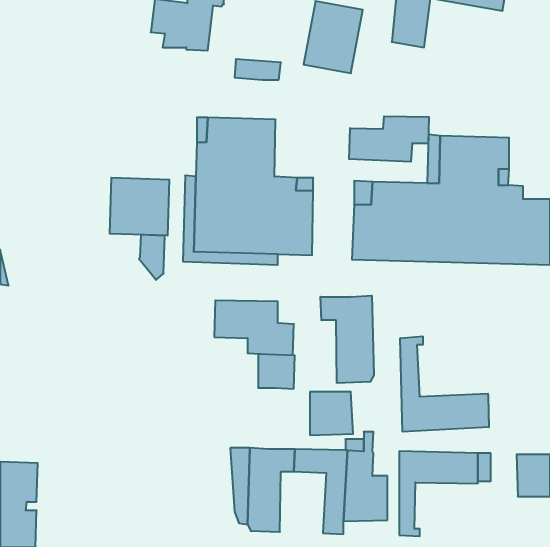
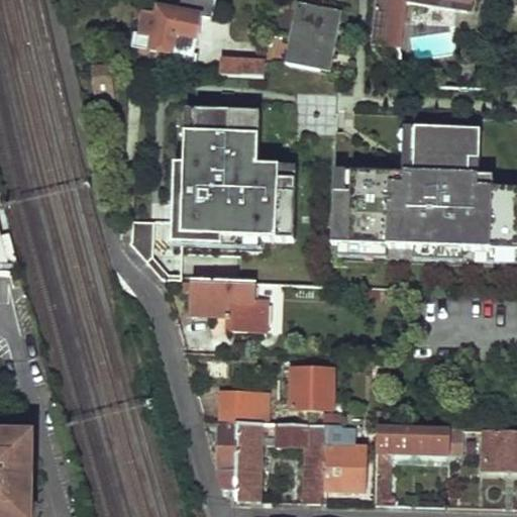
building: [349,116,429,162] -> none
building: [110,178,169,236] -> none
building: [320,296,374,383] -> none
building: [400,336,489,432] -> none
building: [258,354,295,389] -> [218,389,252,421]

